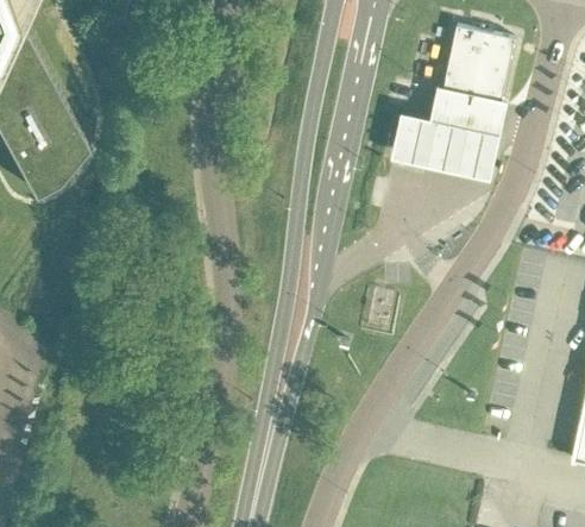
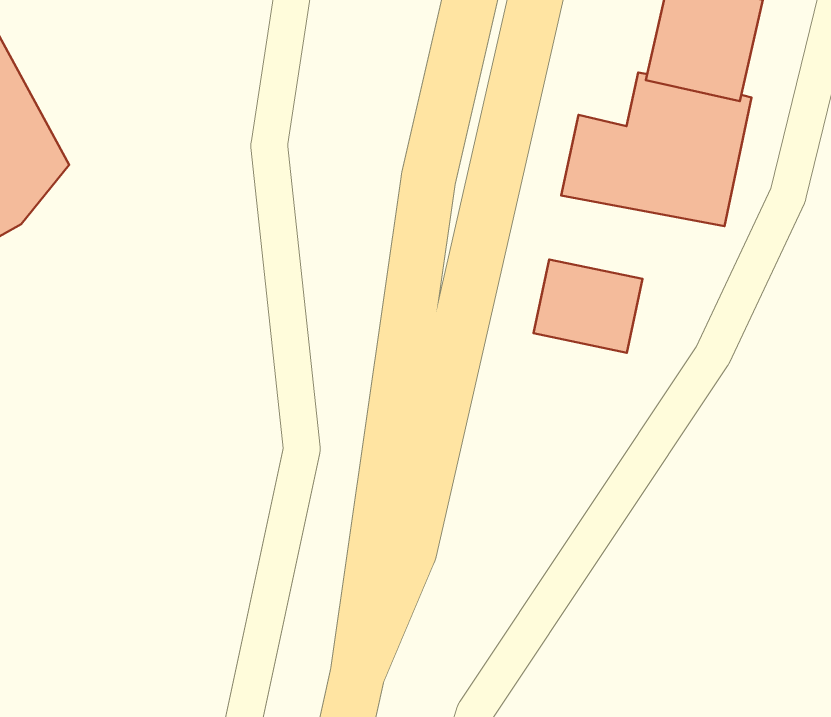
building: none -> [533,259,643,353]

